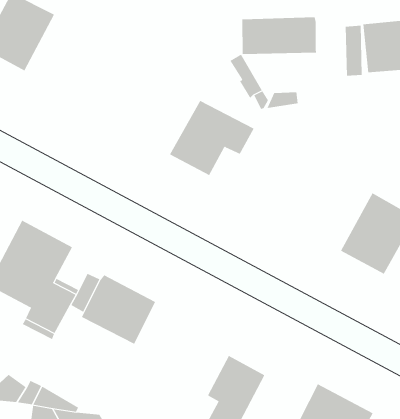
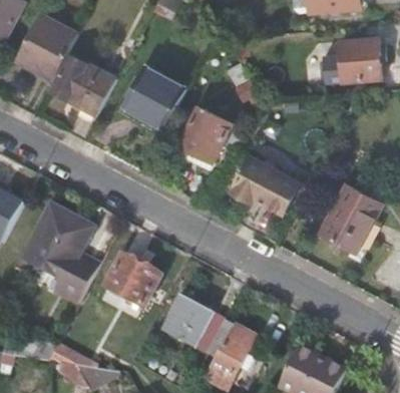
building: [242,17,316,55] -> none
building: none -> [49,51,114,111]
building: none -> [123,63,186,127]
building: none -> [229,152,301,212]
building: none -> [161,296,225,353]

